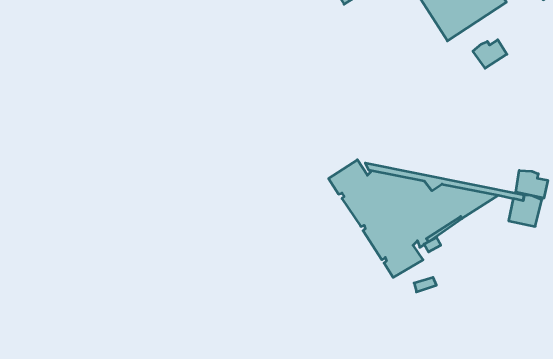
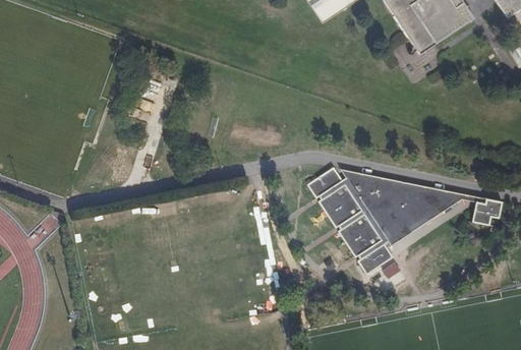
building: [473,40,507,68] -> none
building: [516,170,548,198] -> none

